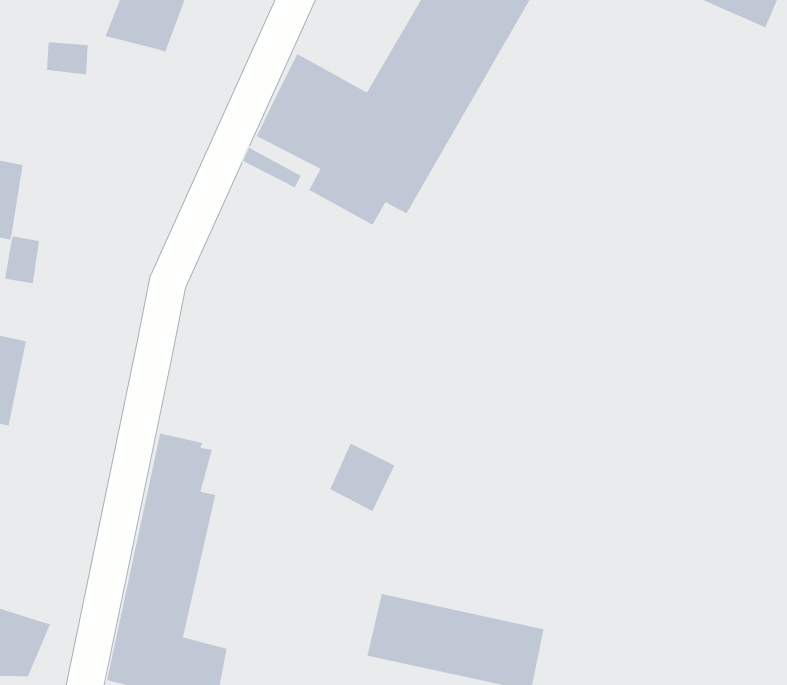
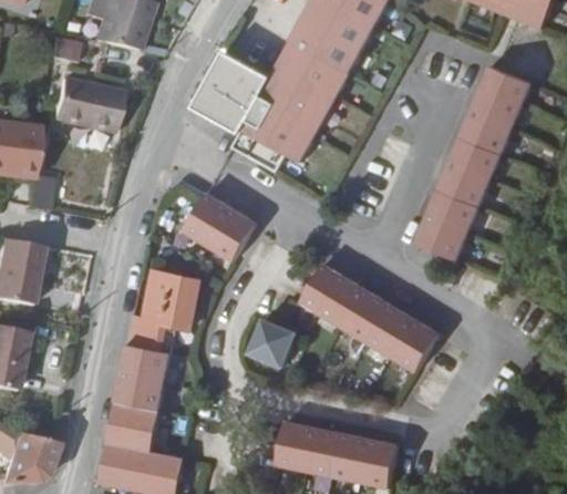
building: none -> [412,69,529,263]
building: none -> [52,80,115,131]
building: none -> [184,189,256,257]
building: none -> [303,263,441,373]
building: none -> [142,269,199,327]

